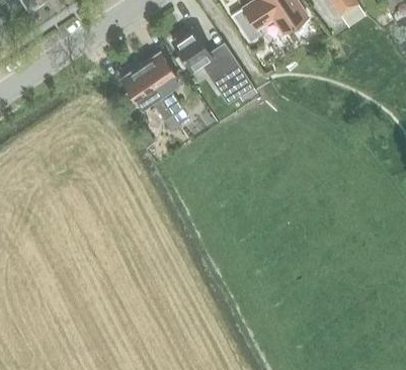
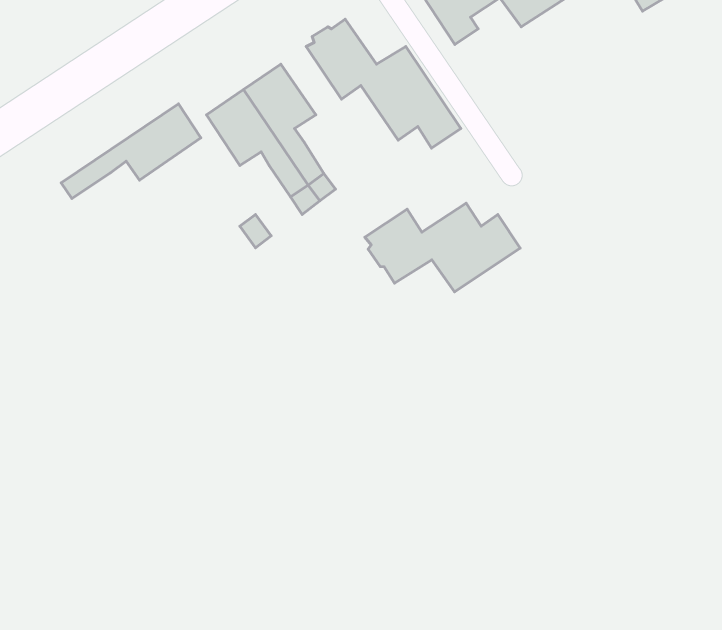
building: none -> [61,104,201,199]
building: none -> [365,203,520,292]

